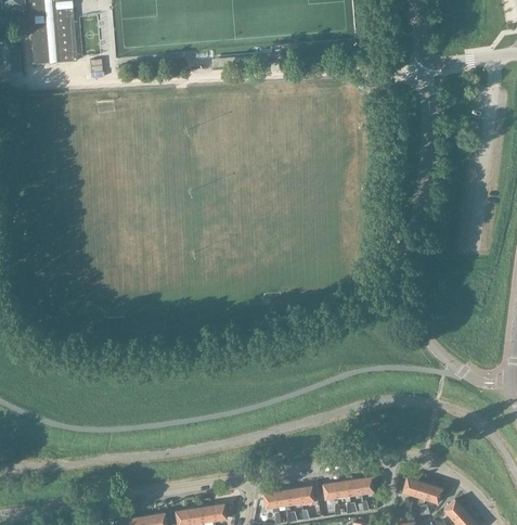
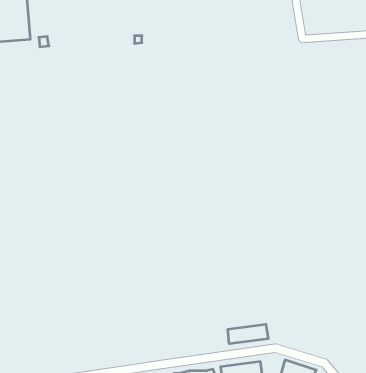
building: none -> [228,324,268,344]

